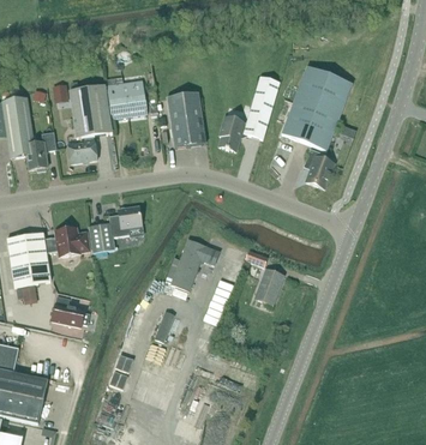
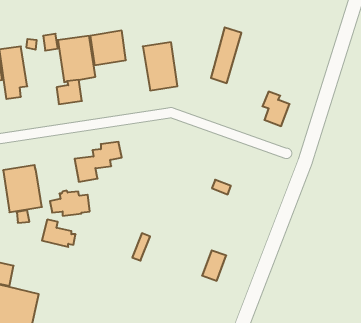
building: [281,66,352,150] -> none
building: [218,116,246,151] -> none
building: [25,132,55,170] -> none
building: [43,227,89,255] -> [50,191,90,216]
building: [164,239,218,290] -> none
building: [254,269,282,303] -> [202,250,226,281]

